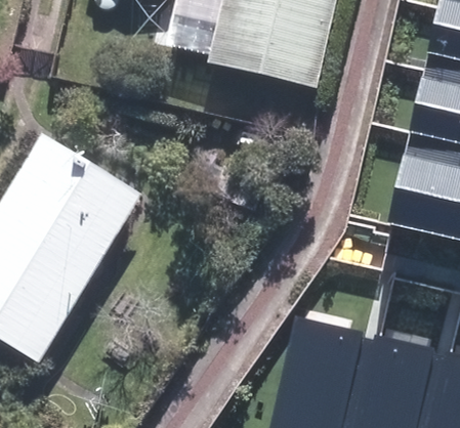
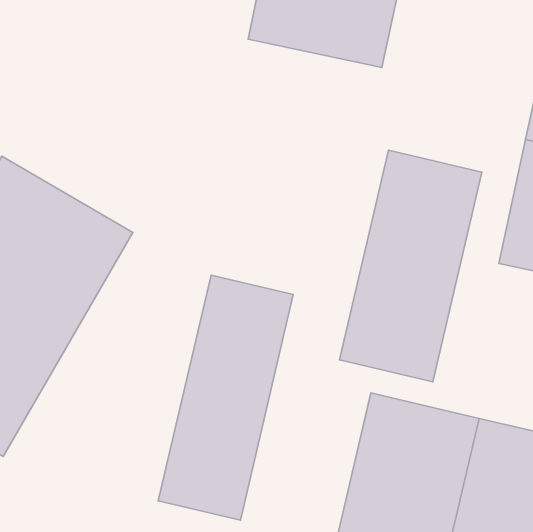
building: none -> [340,150,482,382]
building: none -> [158,275,293,520]

